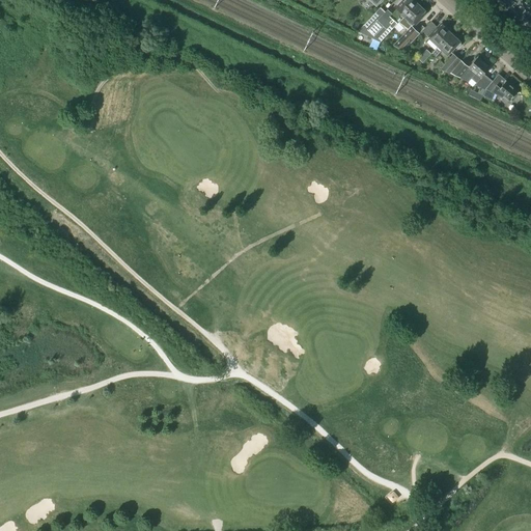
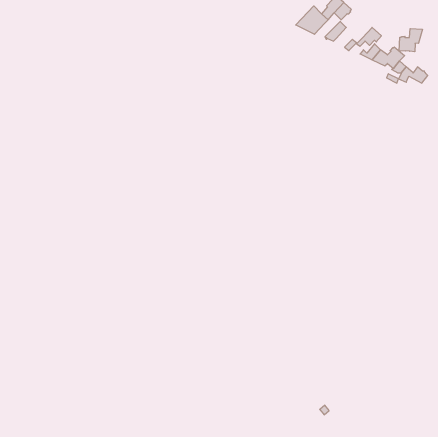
building: [422,21,450,46] -> none
building: none -> [399,29,422,52]

